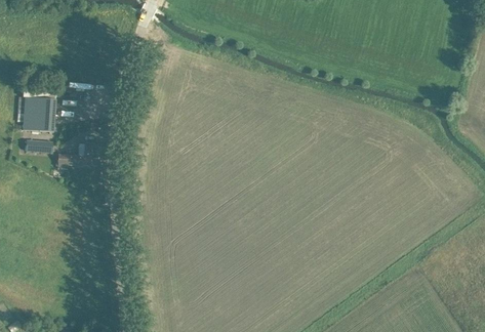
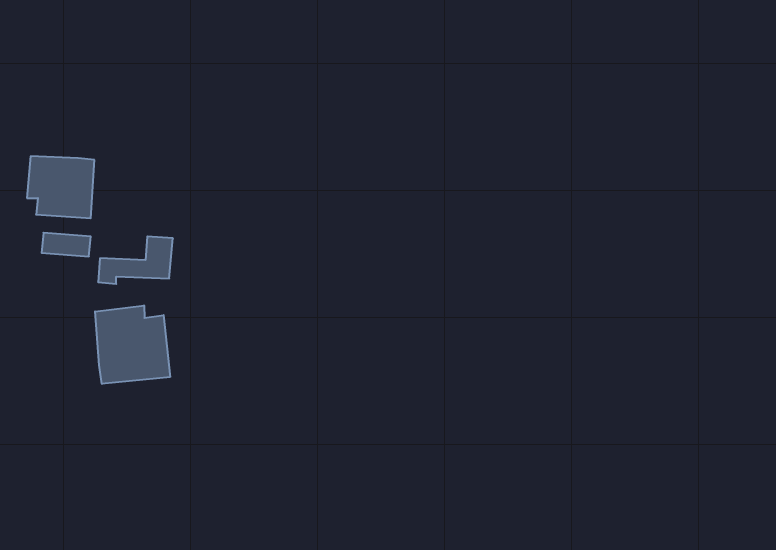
building: none -> [95,305,170,384]

